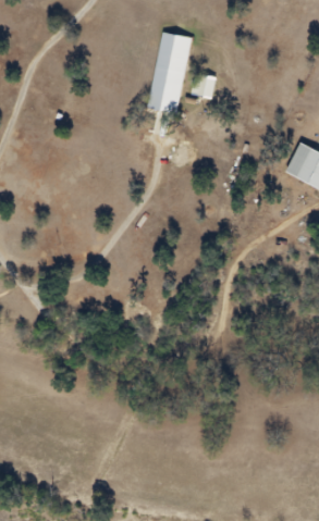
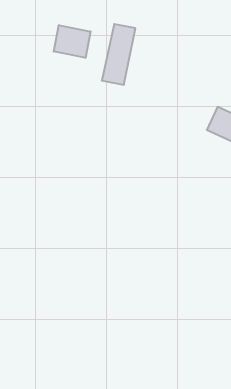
building: none -> [54,25,91,58]

